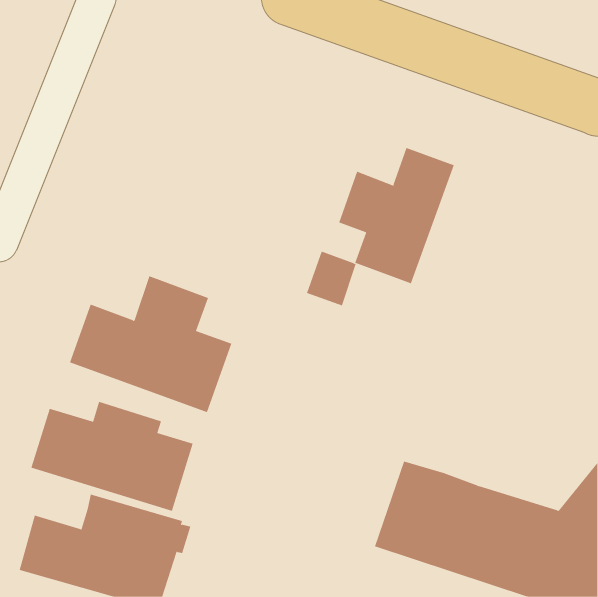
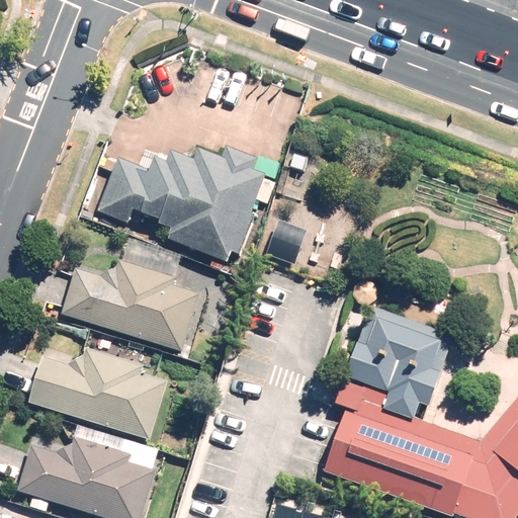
building: [338,147,454,284] -> none
building: none -> [99,147,265,262]
building: none -> [346,307,451,419]

